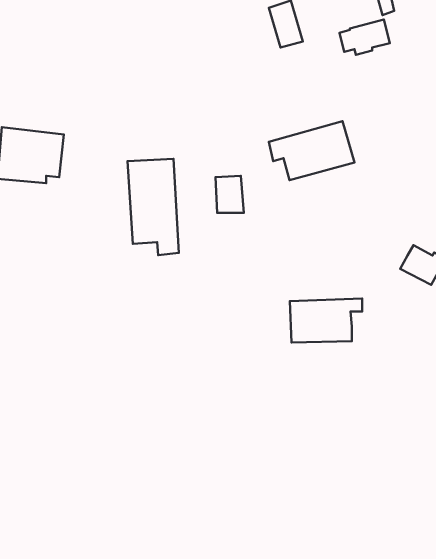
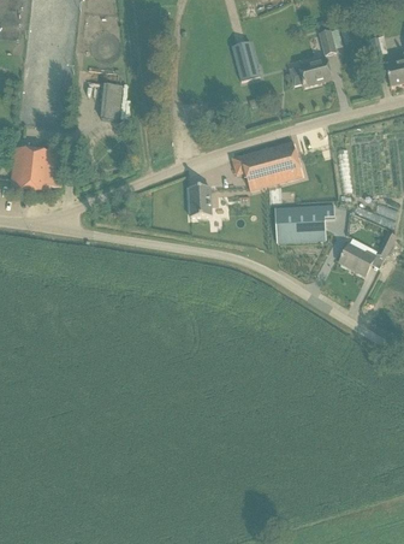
building: none -> [101,82,124,119]
building: [128,159,179,255] -> none
building: [290,298,362,343] -> [275,205,334,241]

